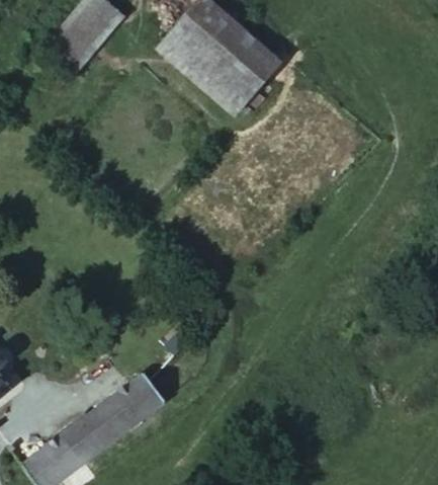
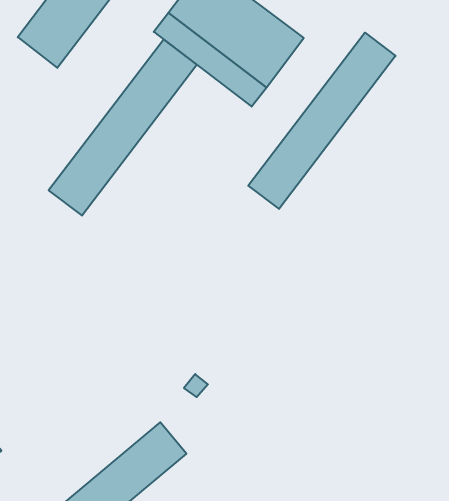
building: none -> [49,39,197,216]
building: none -> [248,33,396,209]

